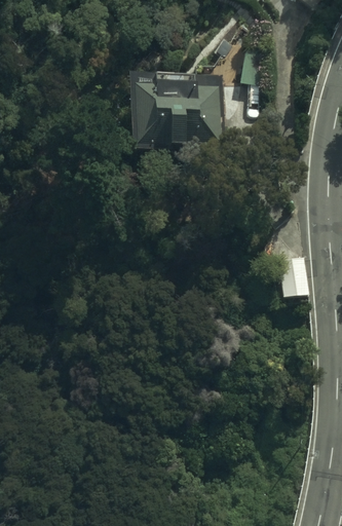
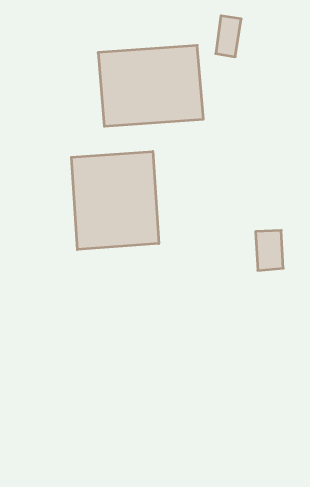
building: none -> [71,151,159,250]

